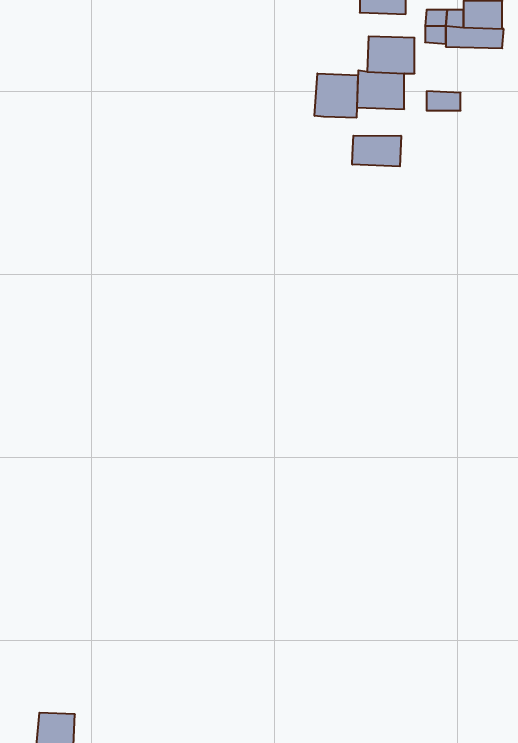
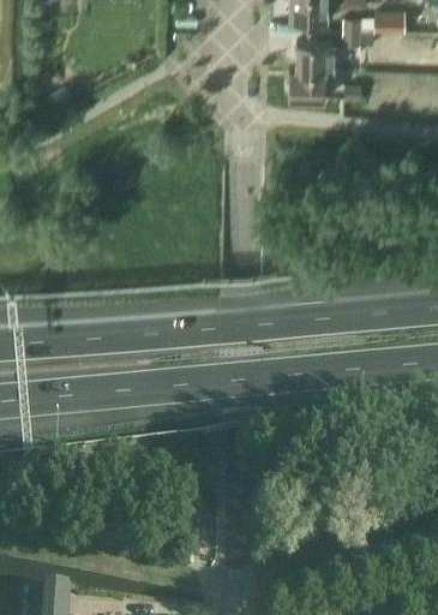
building: [315,73,358,118] -> none
building: [352,136,401,166] -> none

